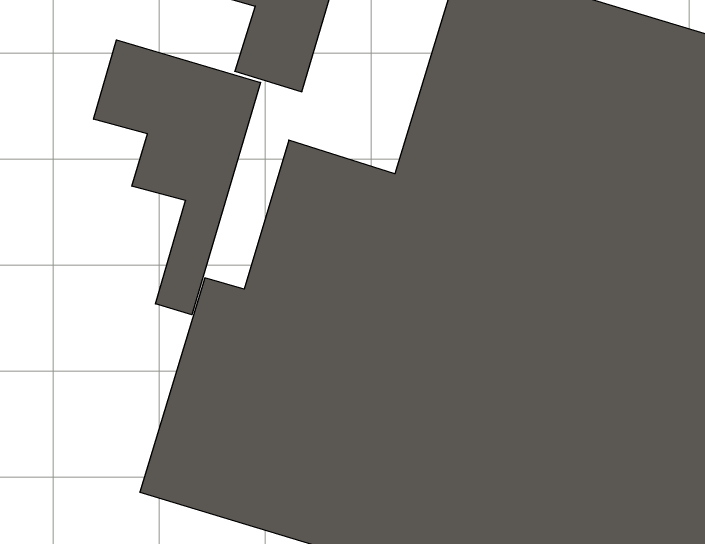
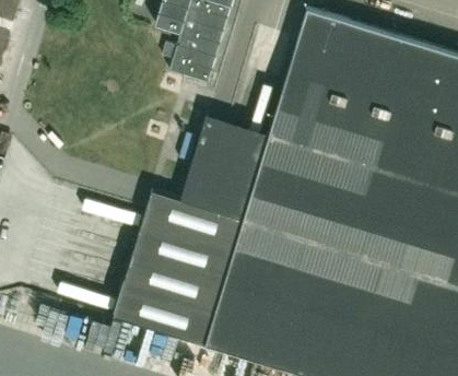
building: [94,40,261,315] -> none

